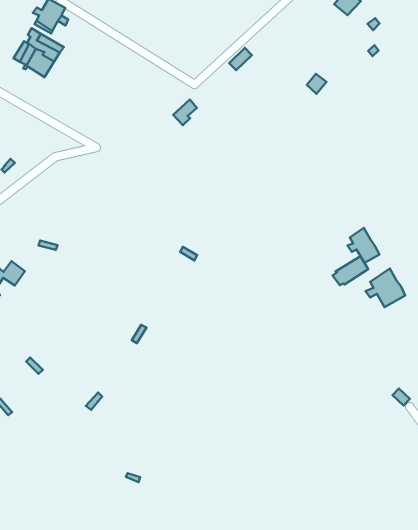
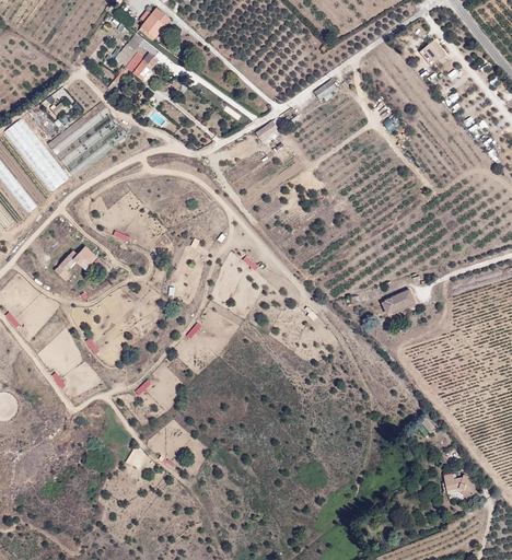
building: [347,228,379,263] -> none
building: [366,268,405,307] -> none

